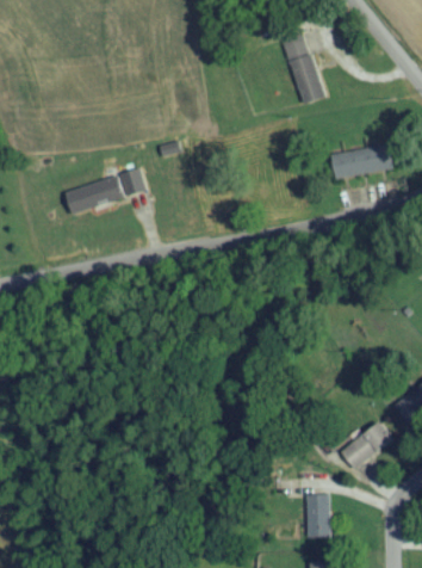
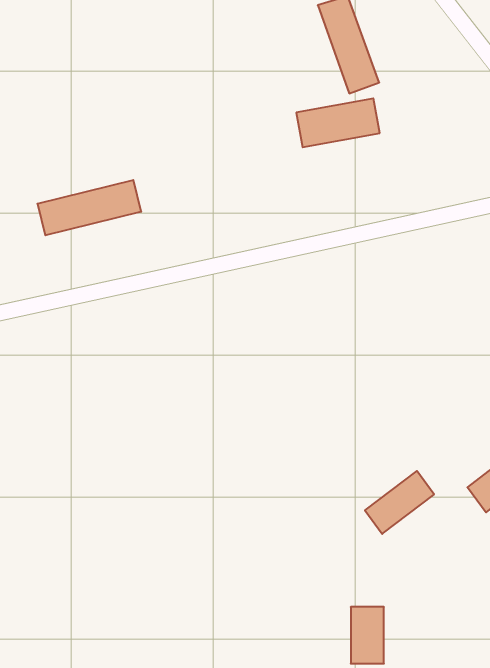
building: [330,143,393,180] -> [296,98,380,147]
building: [341,421,393,469] -> [365,471,434,534]

